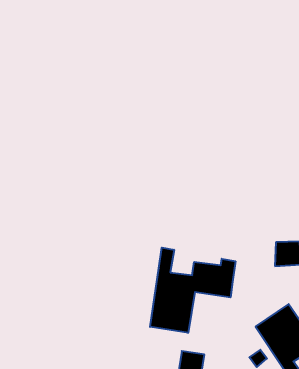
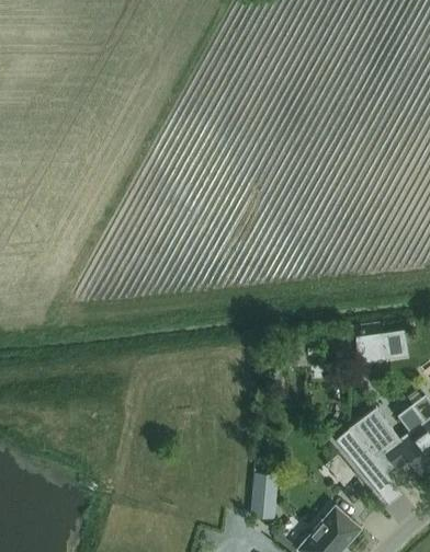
building: [150,248,235,333] -> none

